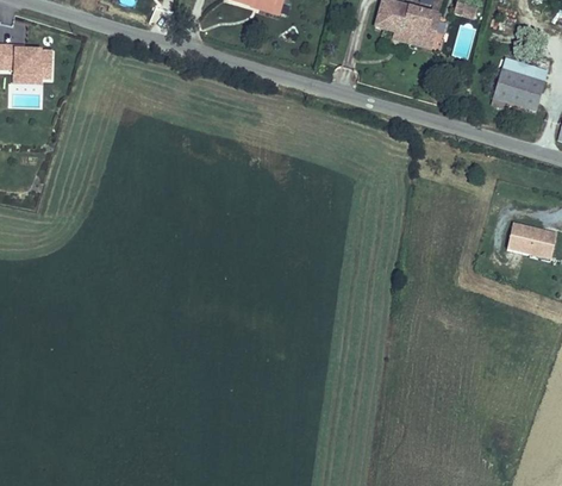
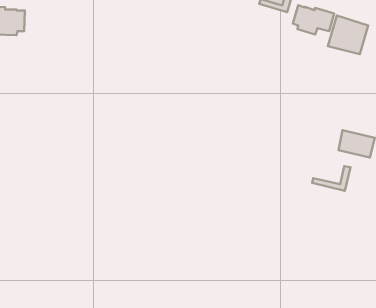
building: none -> [293,5,334,35]
building: none -> [312,166,350,191]

